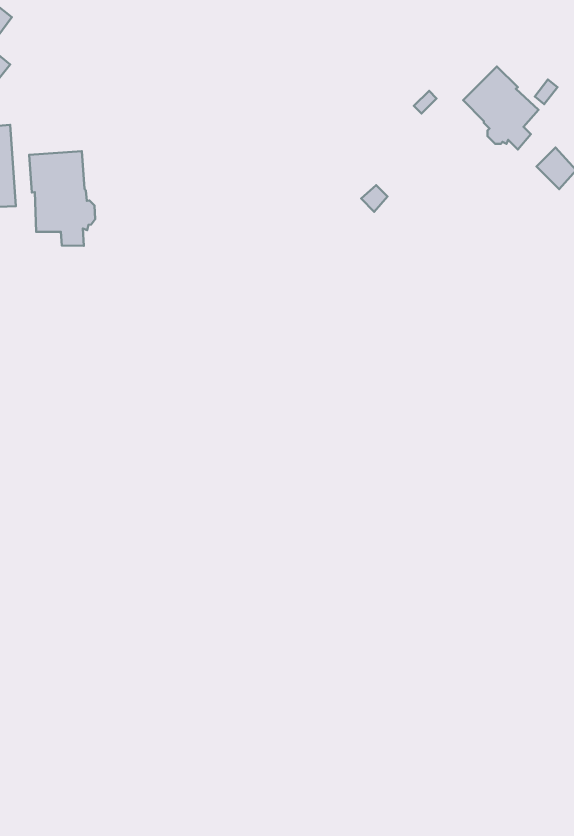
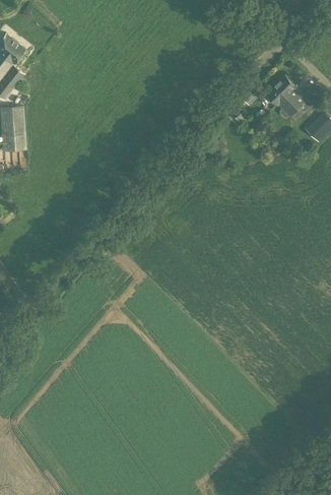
building: [29,151,95,246] -> none

